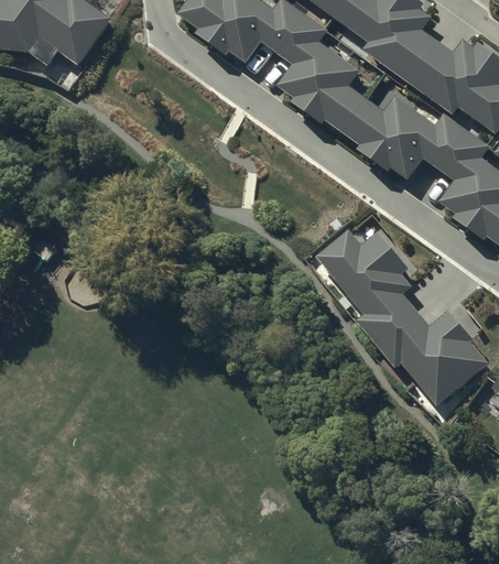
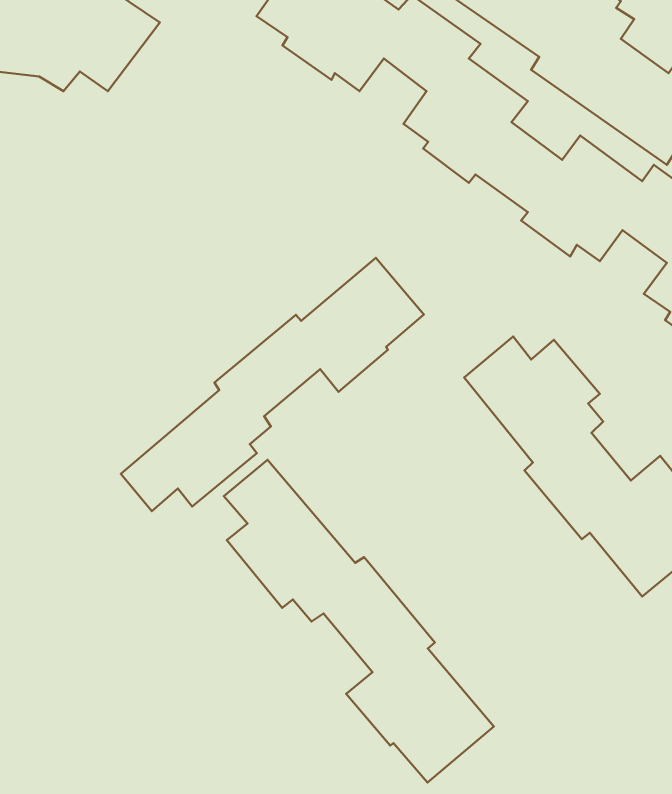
building: none -> [121,258,424,511]
building: none -> [224,460,494,783]

